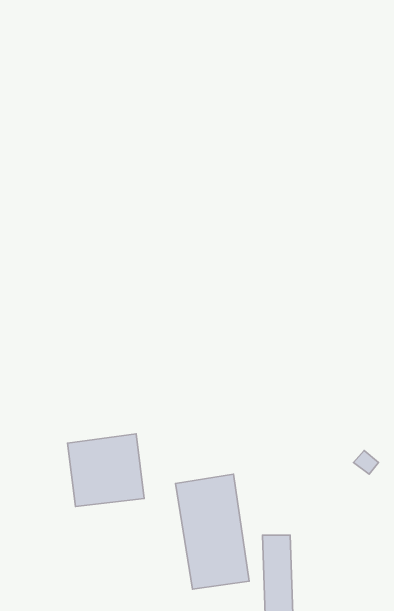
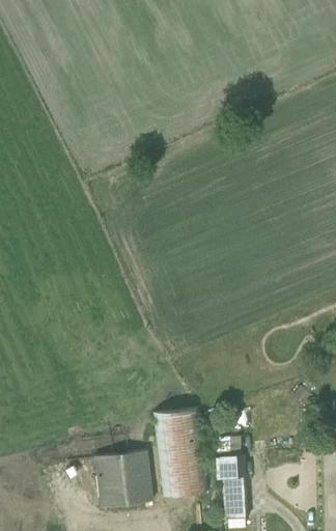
building: [68,434,144,507] -> [95,451,156,508]

